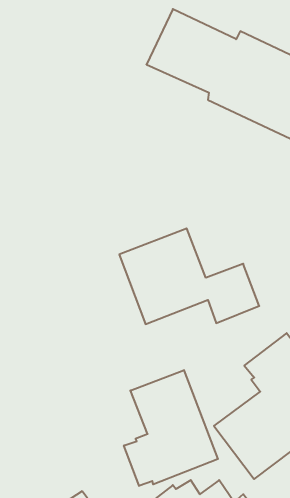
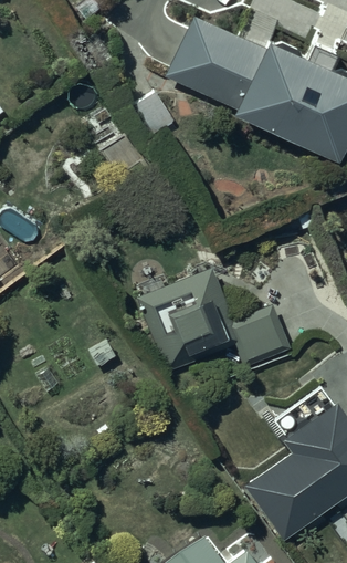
building: [124,370,218,486] -> none

